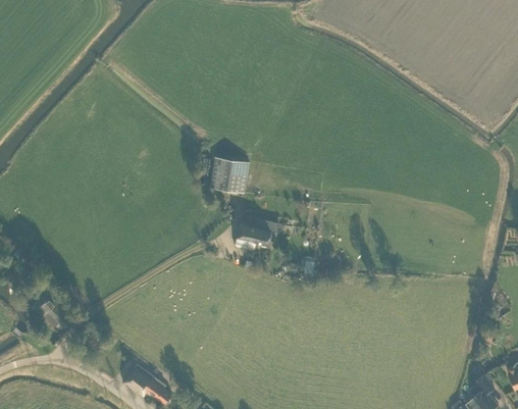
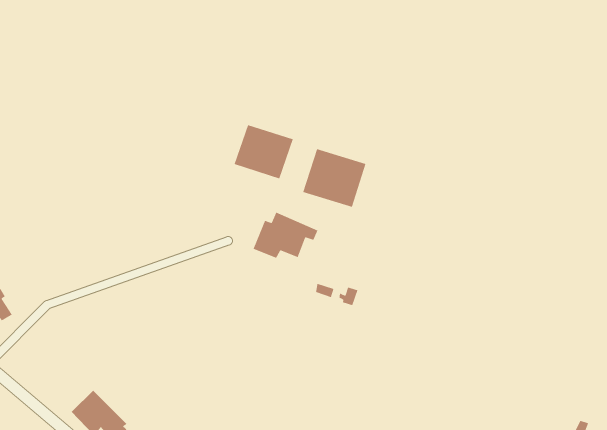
building: none -> [302,148,367,208]

